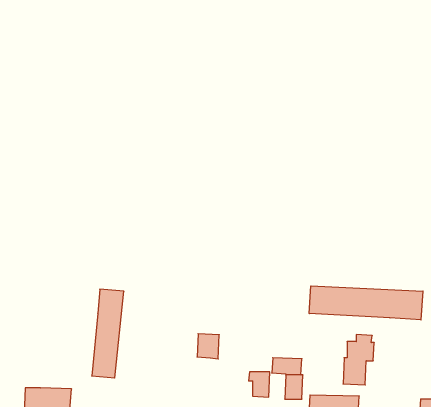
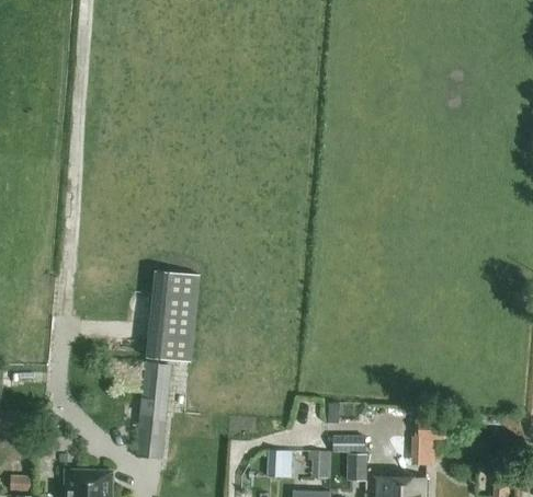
building: none -> [146,271,200,363]
building: [309,286,423,320] -> none
building: [197,334,219,359] -> [266,451,291,478]

